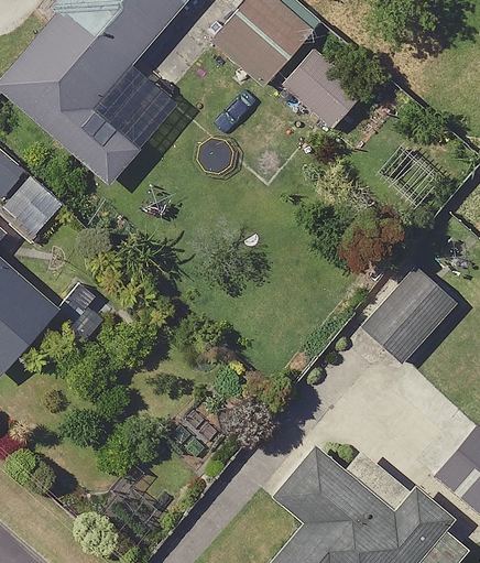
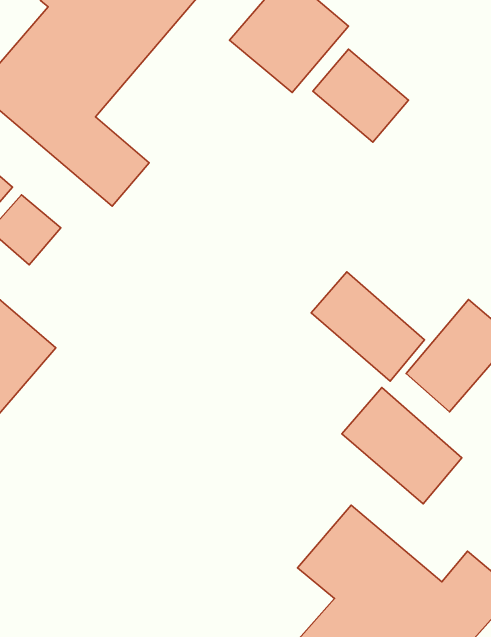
building: none -> [311,272,425,381]
building: none -> [342,388,462,504]

